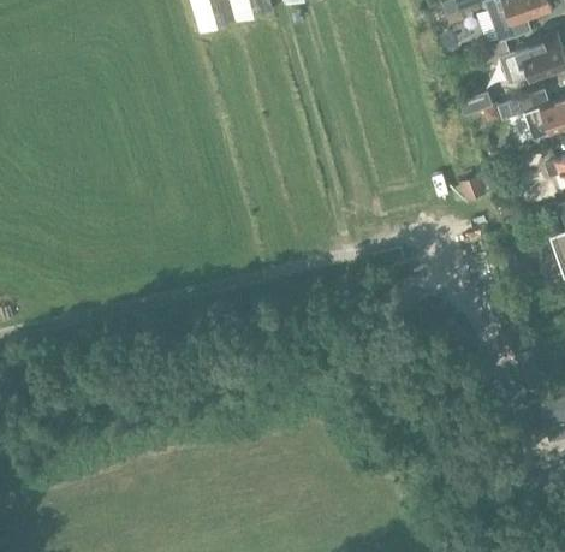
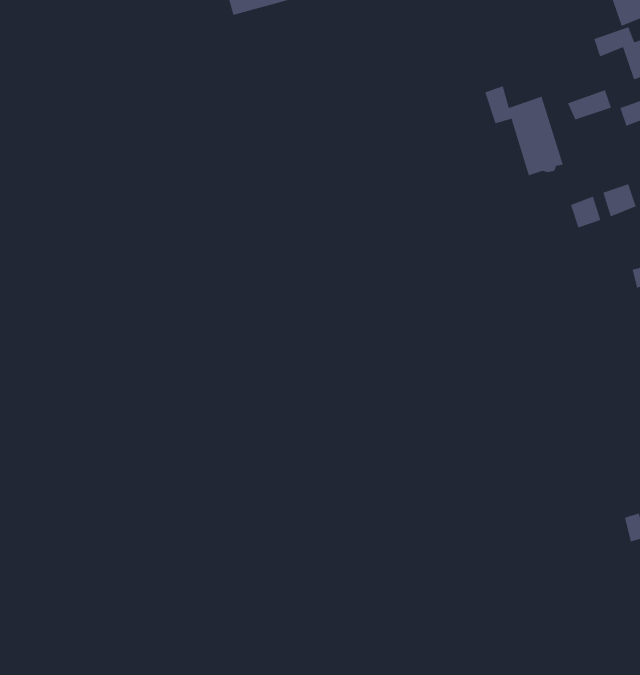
building: none -> [484,85,563,176]

